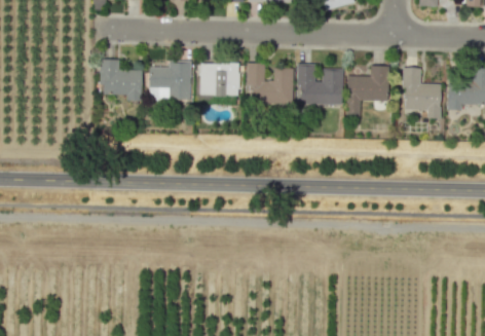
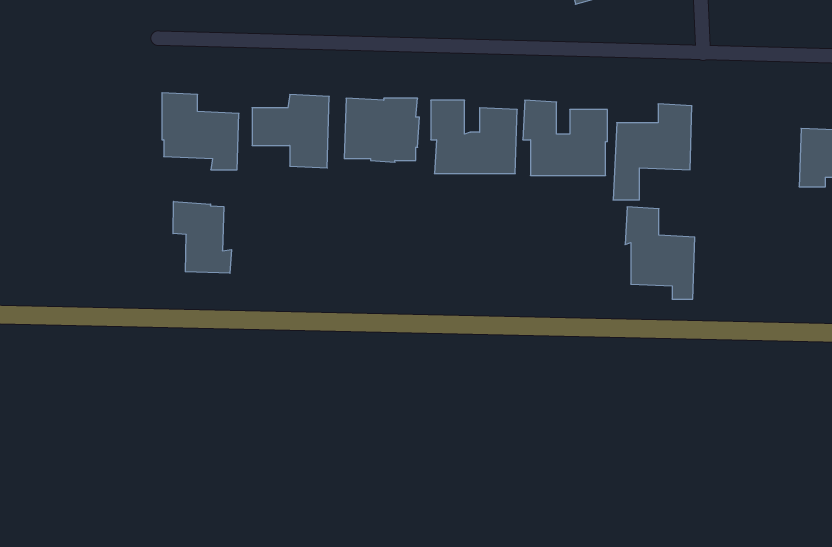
building: [403,67,441,117] -> [625,207,695,299]
building: none -> [173,201,231,273]

